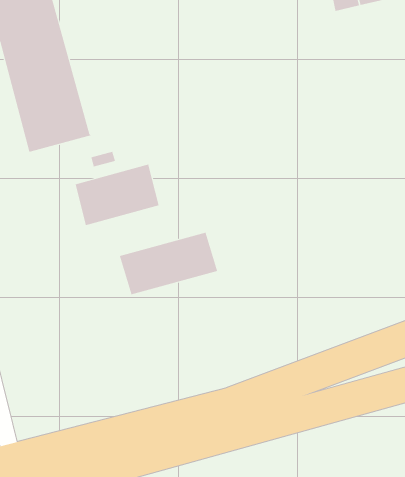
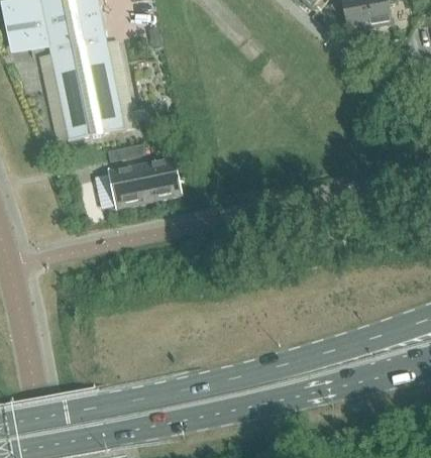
building: [119,232,218,295] -> none

